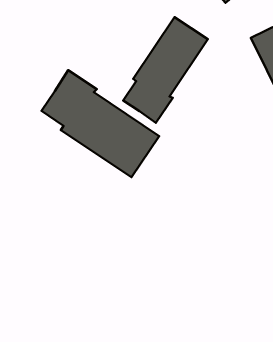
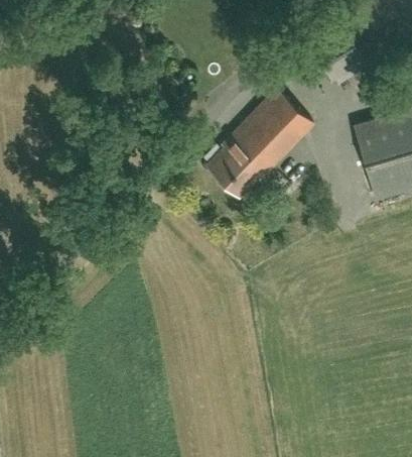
building: [41,70,159,177] -> none

